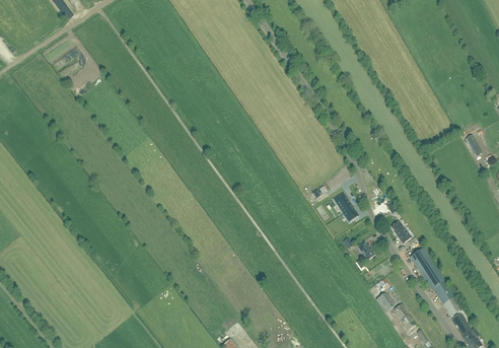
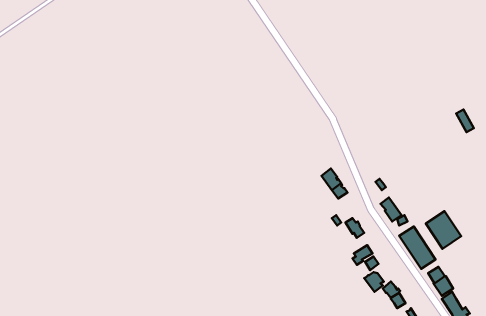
building: none -> [426,211,461,249]

